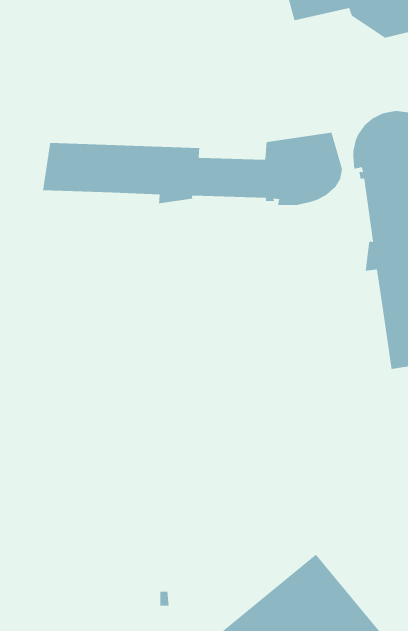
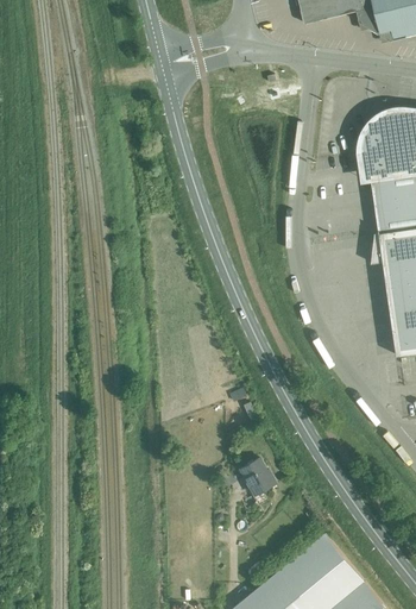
building: [42,132,343,206] -> none
building: none -> [241,459,275,495]

